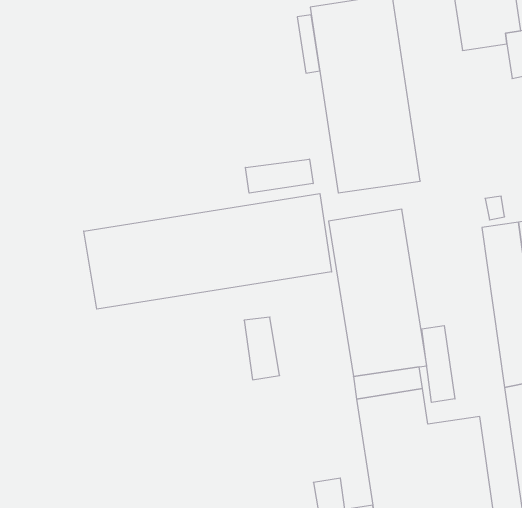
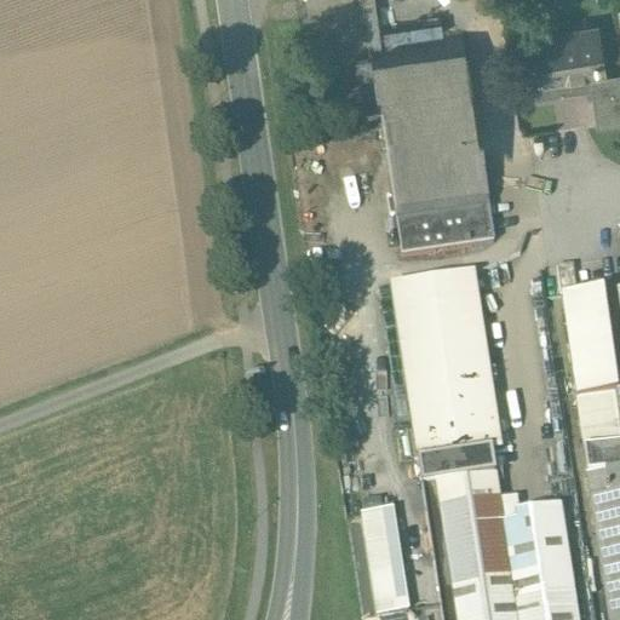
building: [245,159,313,193] -> none
building: [84,194,332,309] -> none
building: [244,317,280,380] -> [364,505,404,575]
building: [422,326,455,402] -> none

